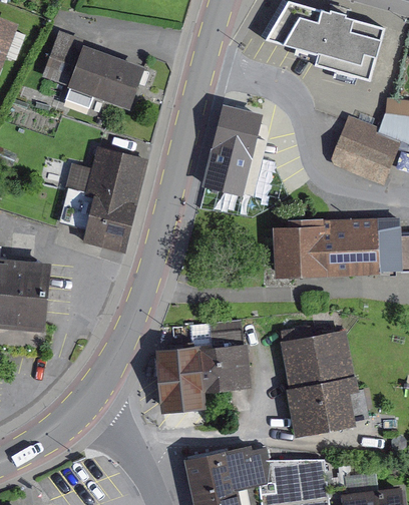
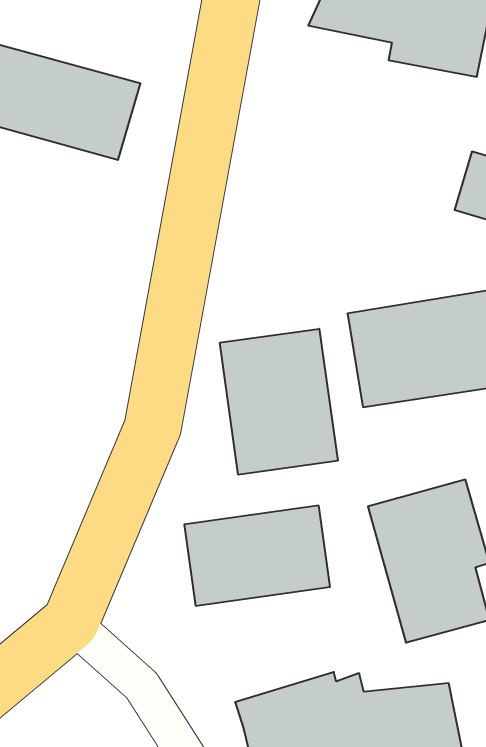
building: [201,84,271,203] -> none
building: [58,151,142,250] -> none
building: none -> [220,329,338,475]

